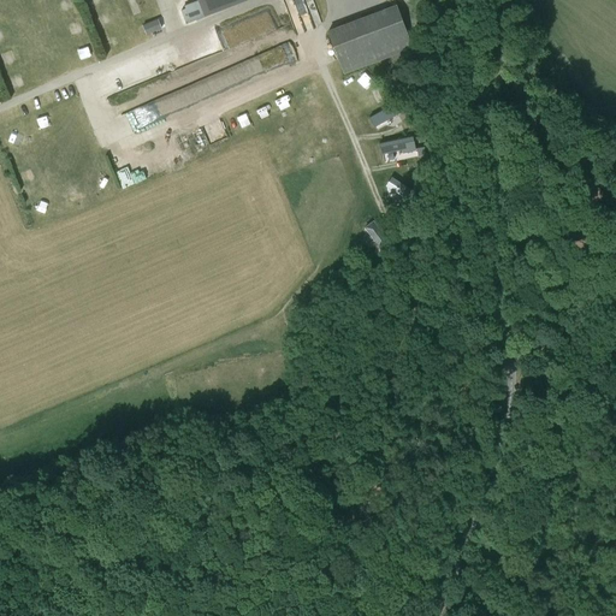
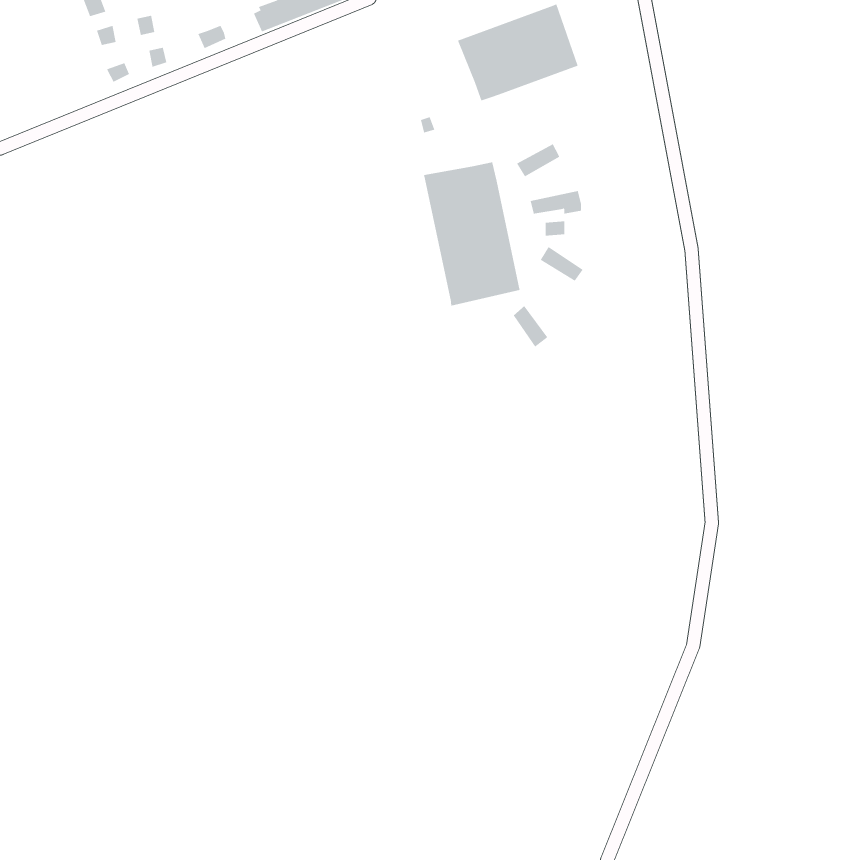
building: none -> [424,161,520,306]

